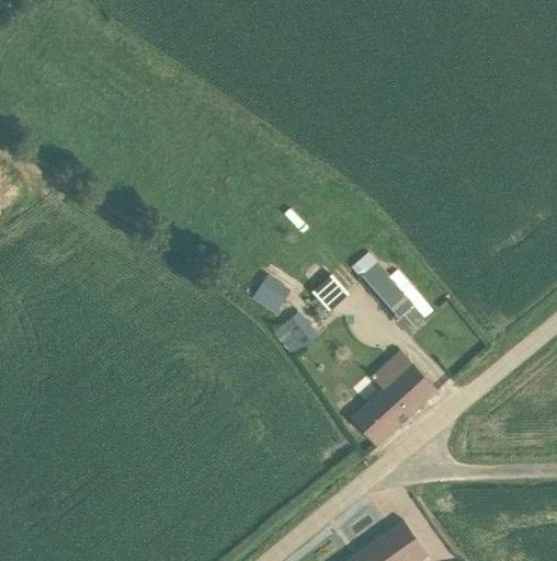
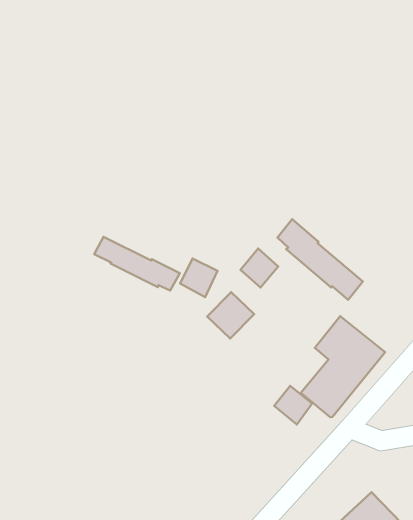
building: none -> [94,237,180,290]
building: none -> [274,386,312,425]

